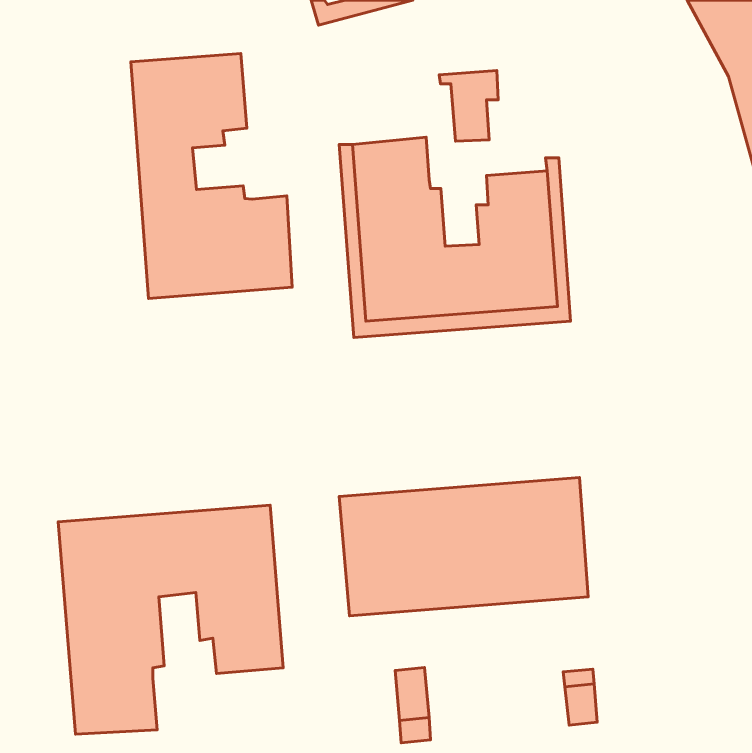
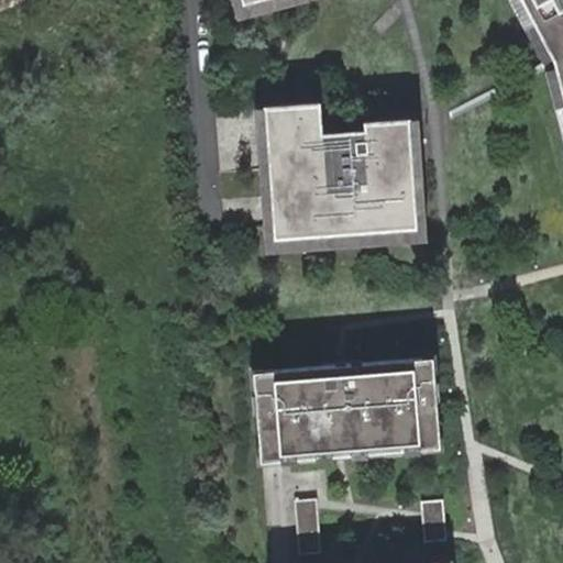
building: [131,54,292,298] -> none
building: [439,70,498,141] -> [321,131,365,184]
building: [58,505,283,734] -> none

